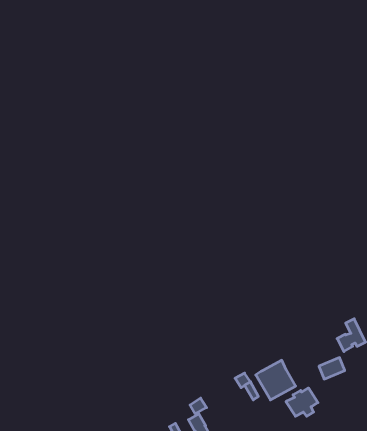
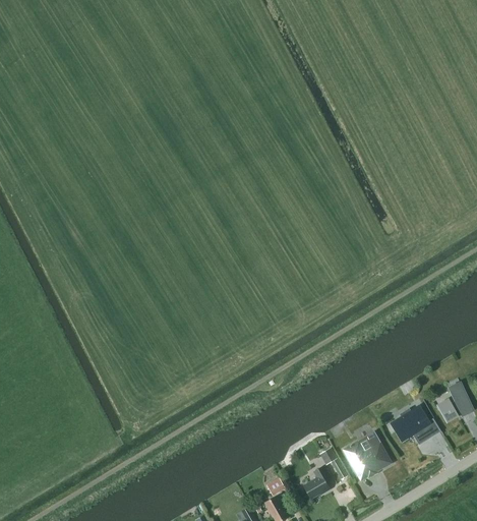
building: none -> [303,464,332,498]
building: [286,388,318,416] -> [392,405,429,439]

